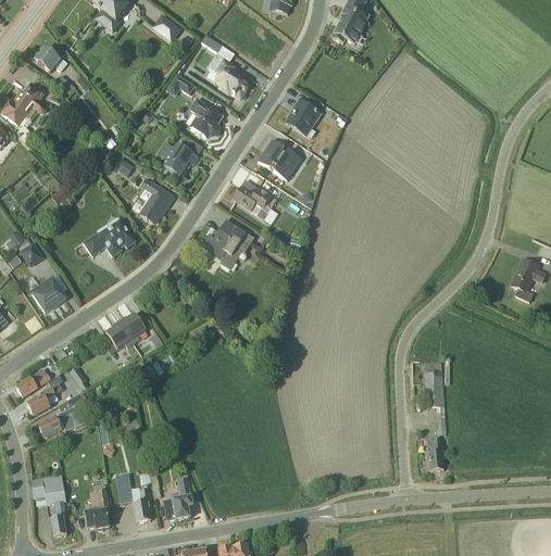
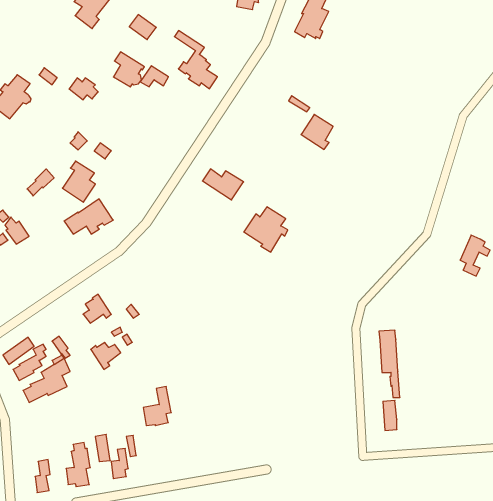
building: [36,48,67,72] -> [69,78,98,100]
building: [189,99,223,137] -> [113,52,144,87]
building: [286,99,321,137] -> [301,114,333,149]
building: [258,138,301,179] -> none
building: [154,141,199,175] -> none
building: [132,177,167,222] -> [62,161,95,202]
building: [201,219,249,268] -> [244,207,288,252]
building: [33,274,67,311] -> none
building: [120,313,152,342] -> [91,342,121,369]
building: [33,473,66,505] -> none
building: [163,477,193,519] -> [143,387,171,426]

